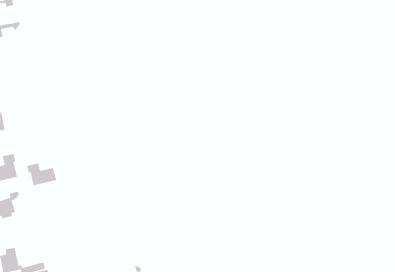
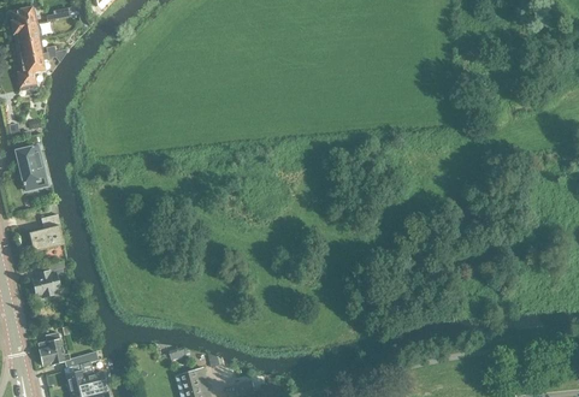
building: [26,162,57,186] -> none

